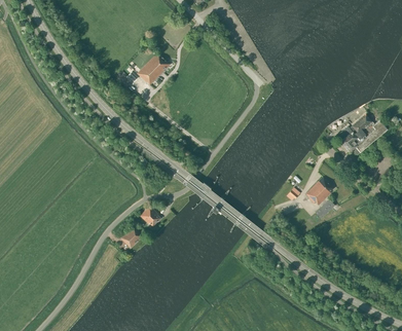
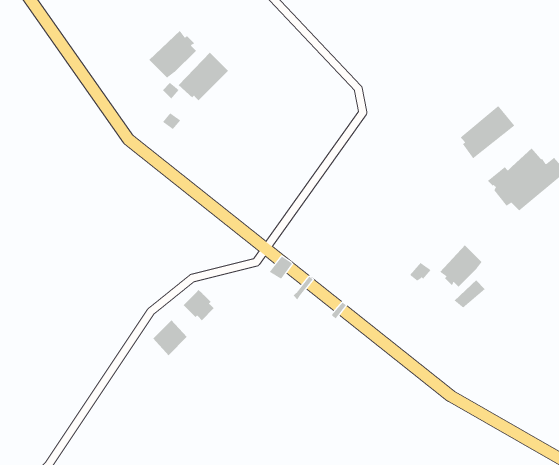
building: none -> [148,30,197,79]
building: none -> [460,105,515,159]

